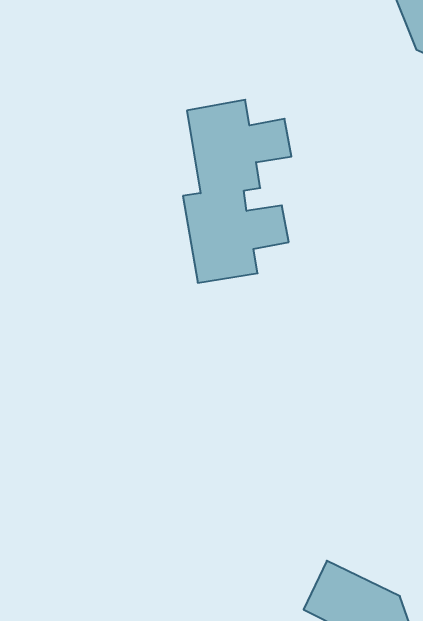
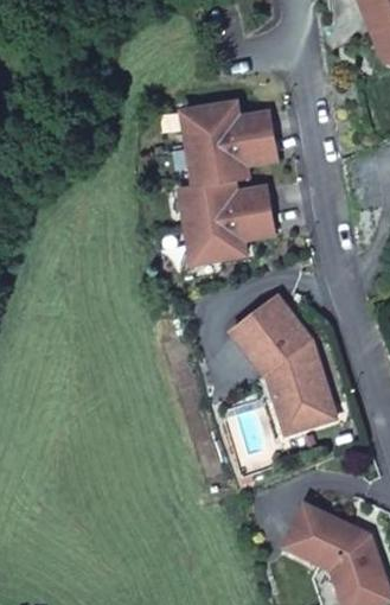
building: none -> [230,297,331,422]

